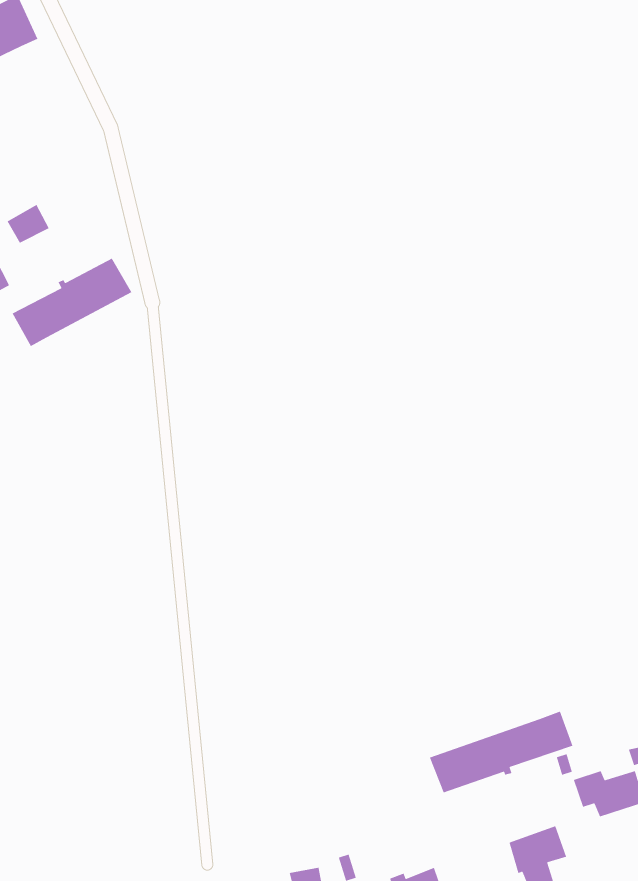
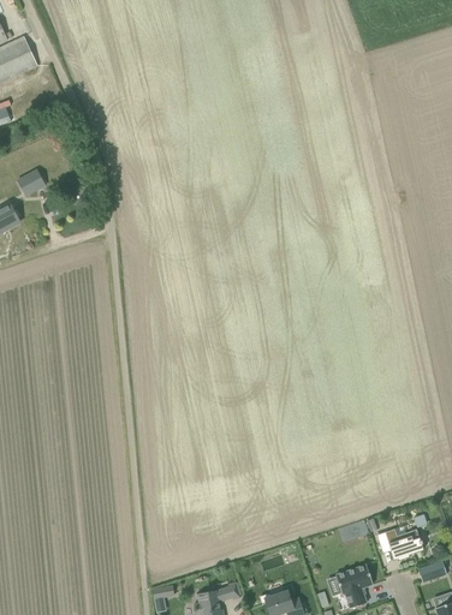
building: [11,257,133,347] -> none
building: [429,711,574,793] -> none

